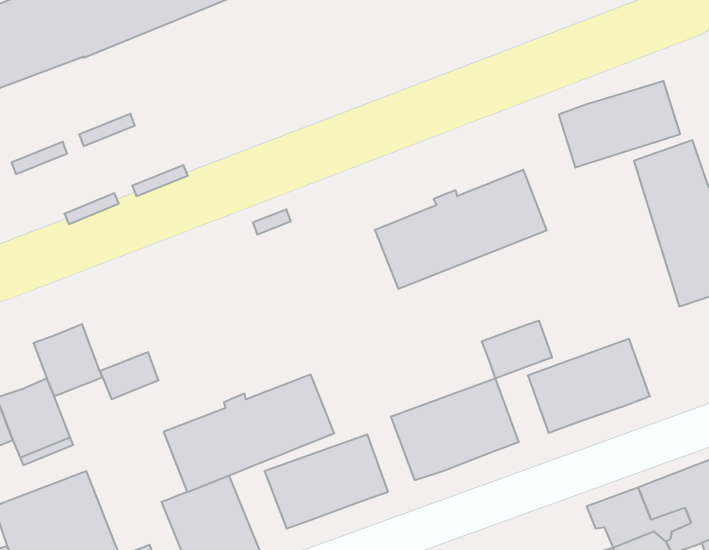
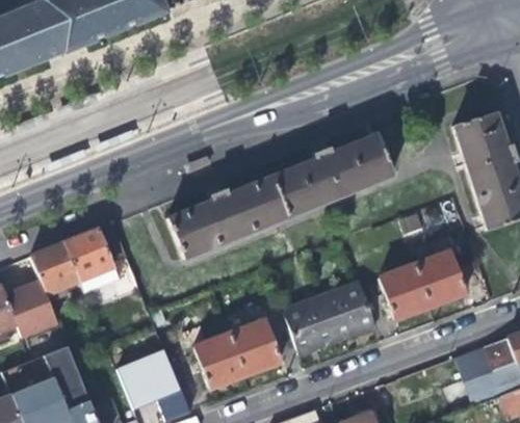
building: [559,81,680,168] -> none
building: none -> [64,221,127,274]
building: [482,321,552,379] -> none
building: [164,374,334,492] -> [167,175,288,258]

